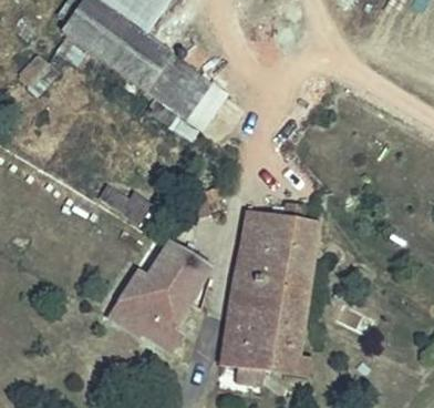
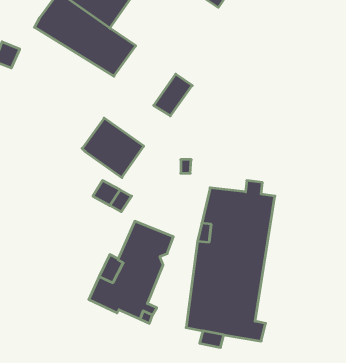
building: [145,57,210,120] -> [82,118,144,178]

